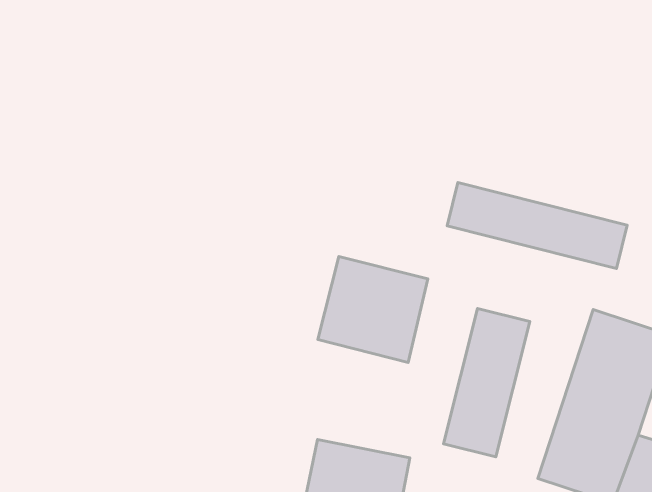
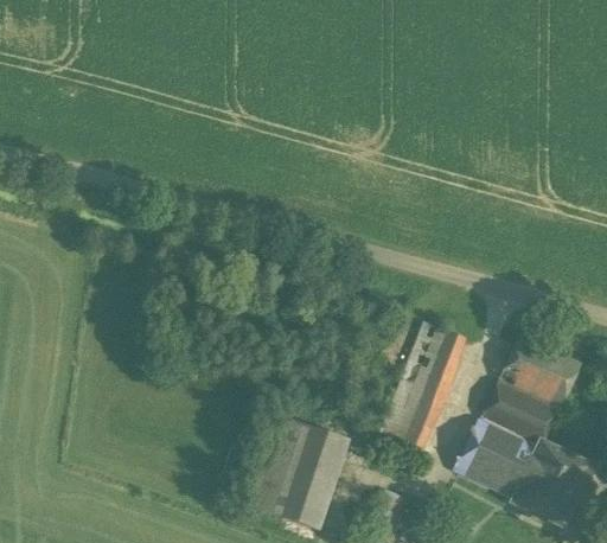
building: [447,183,627,268] -> none
building: [318,256,428,362] -> none

